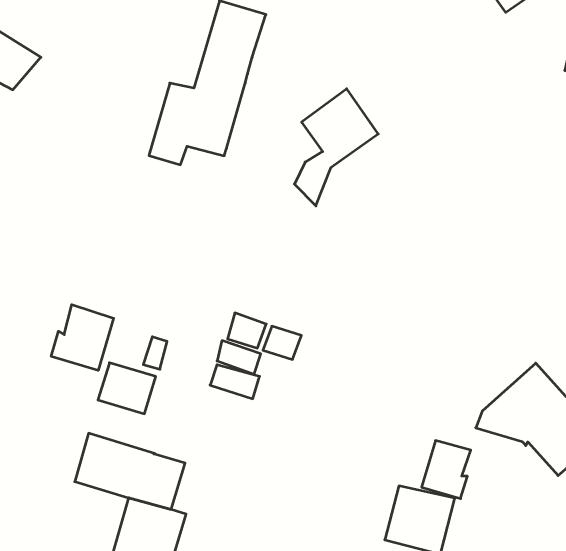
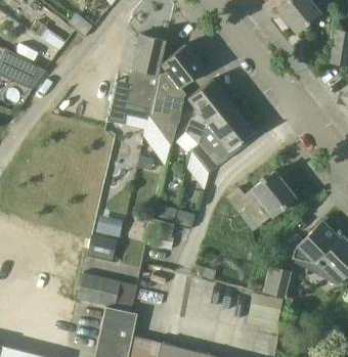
building: none -> [148,45,205,144]
building: none -> [190,102,254,173]
building: none -> [226,172,295,227]
building: [51,305,114,370] -> none

